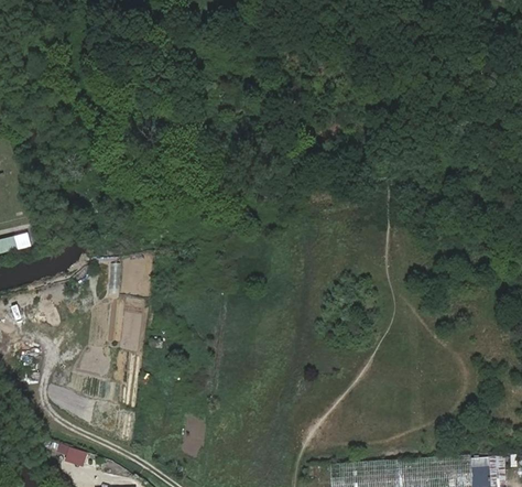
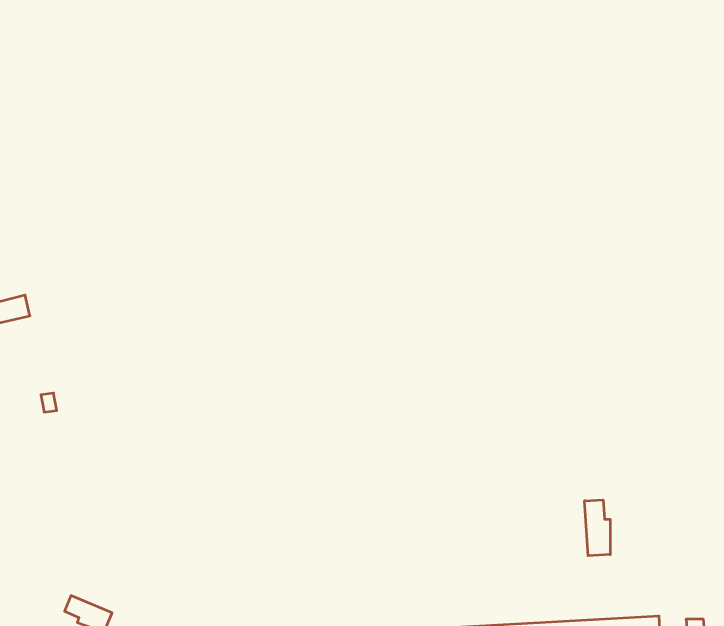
building: none -> [585,500,610,556]

